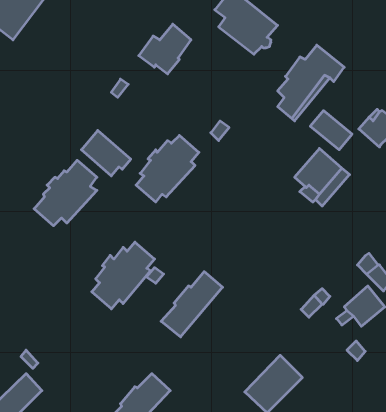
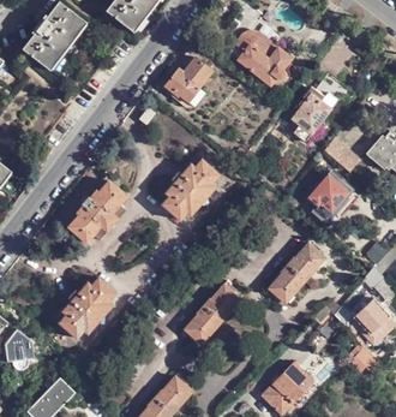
building: [81,130,131,176] -> none
building: none -> [268,244,325,303]
building: [92,242,155,309] -> [59,276,116,338]

